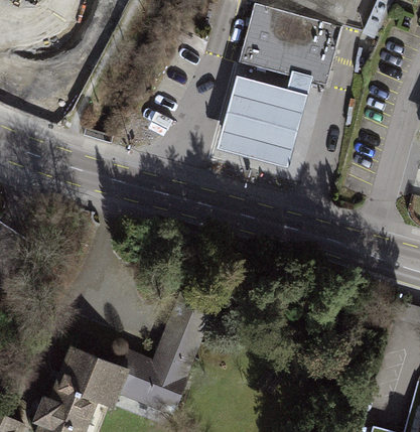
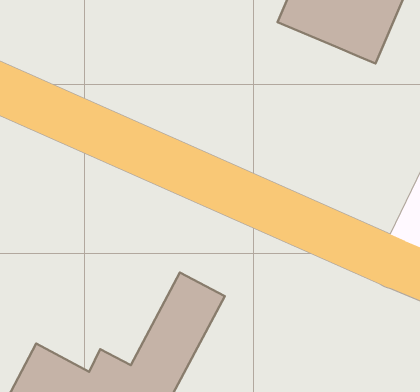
building: [216,73,311,165] -> none

